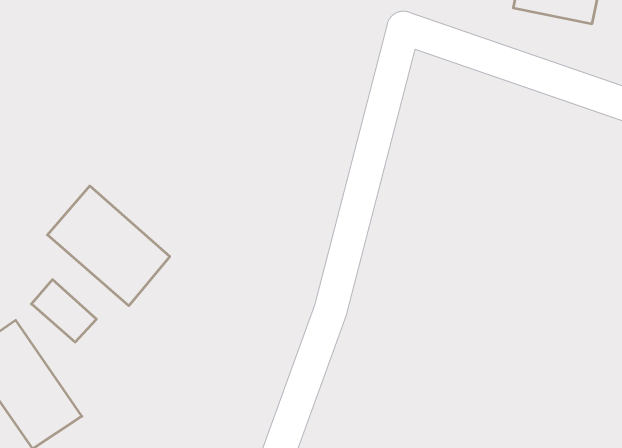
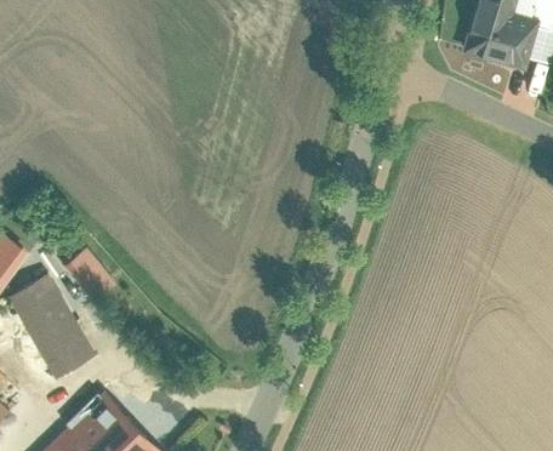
building: [47,186,170,306] -> none

